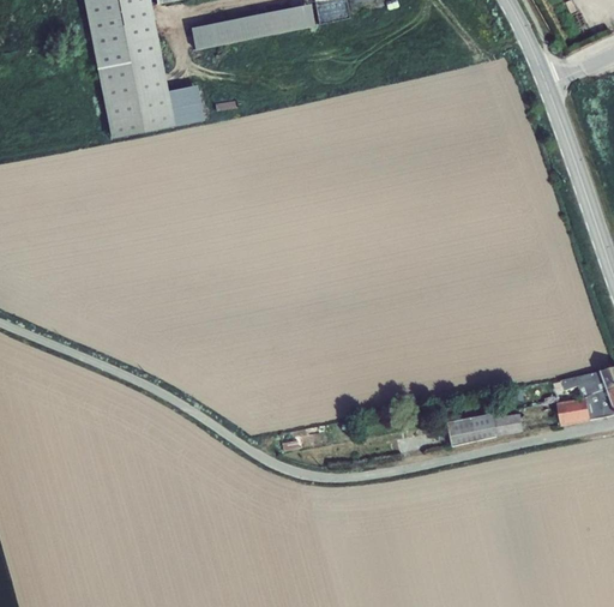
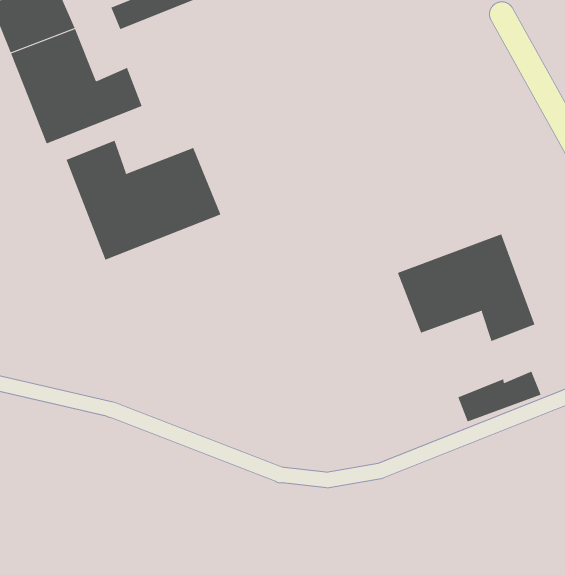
building: none -> [66,140,221,260]
building: none -> [397,234,535,342]

